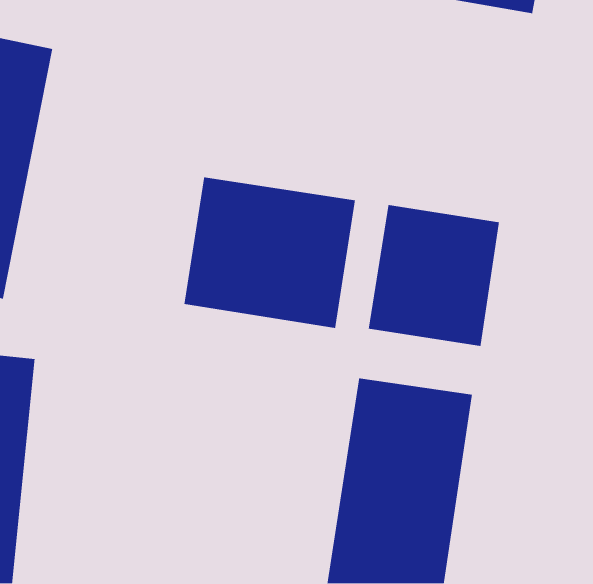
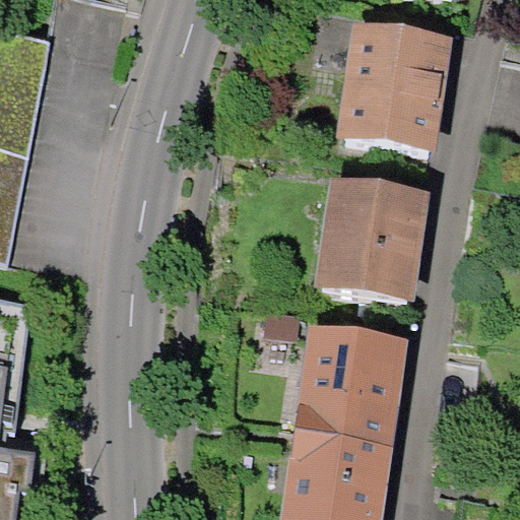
building: none -> [337,34,450,150]
building: [184,177,356,329] -> none

